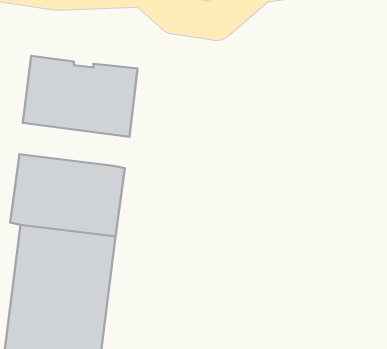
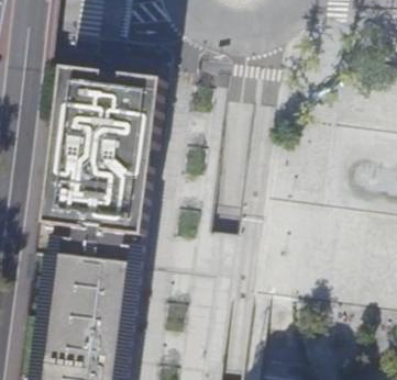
building: none -> [47,135,152,178]

